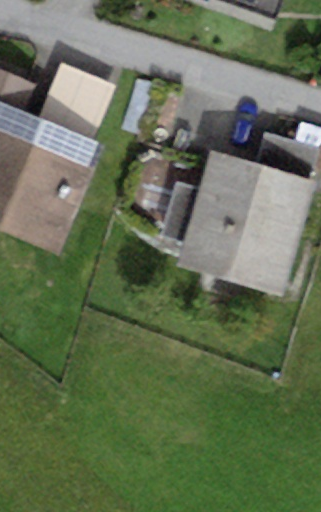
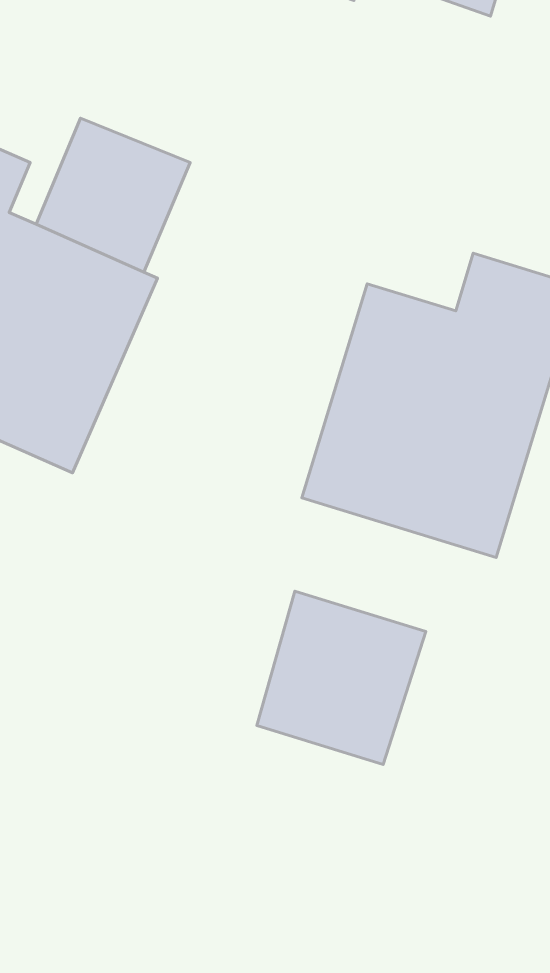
building: none -> [257,591,426,764]

